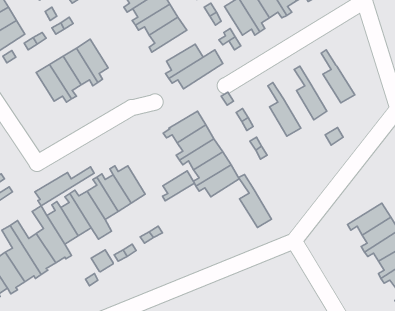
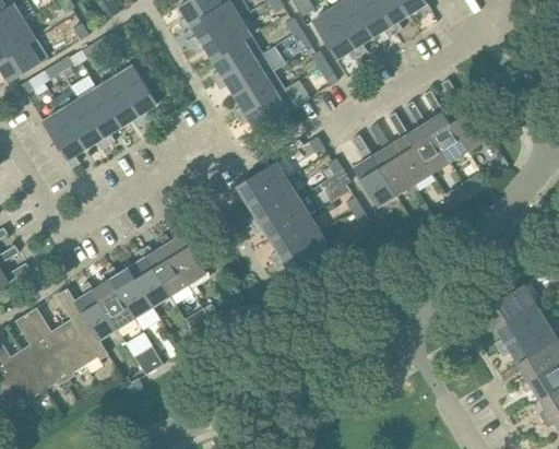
building: none -> [215,52,273,94]
building: none -> [424,90,467,161]
building: none -> [43,109,85,167]
building: none -> [388,111,431,184]
building: [35,167,94,206] -> none
building: [162,171,194,201] -> none
building: [239,174,271,227] -> [352,134,395,205]

